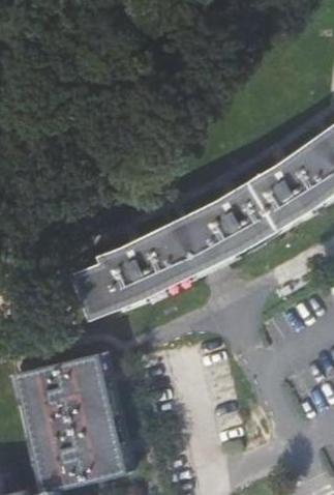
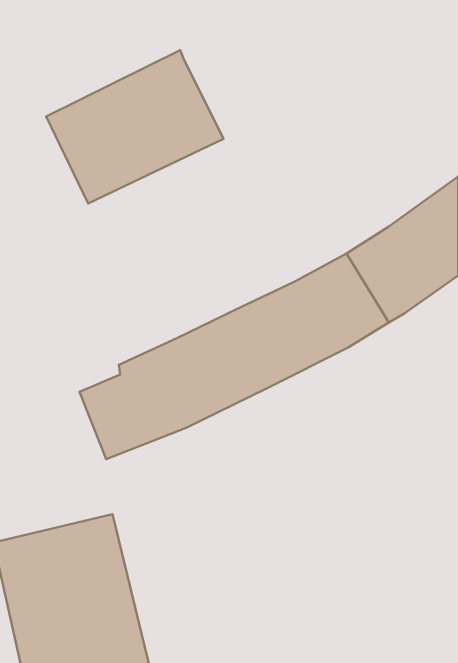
building: none -> [46,50,224,203]

